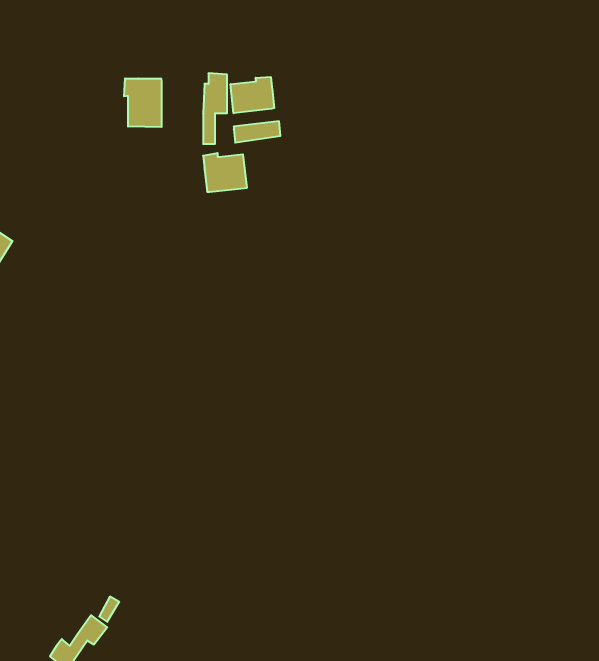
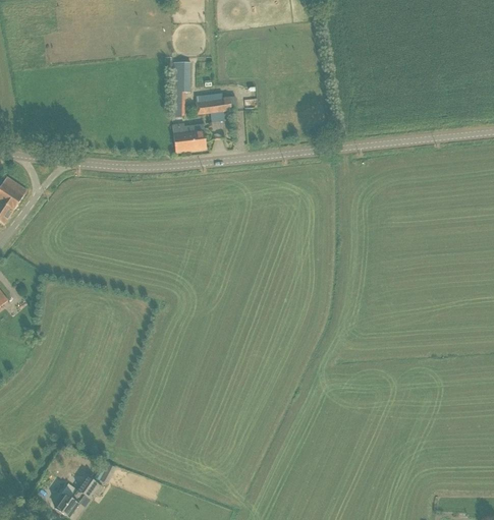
building: [231,77,274,113] -> none
building: [124,78,162,127] -> none

